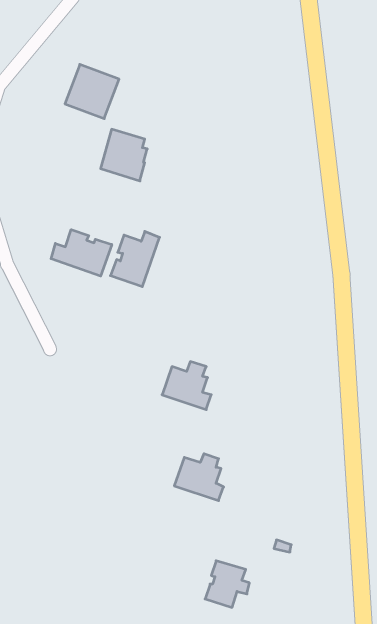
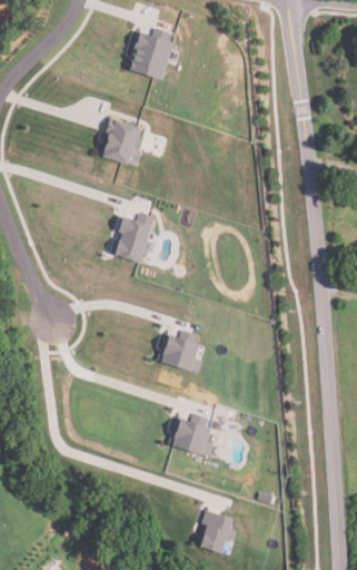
building: [65,64,119,119] -> [126,30,175,79]
building: [51,230,112,276] -> none

